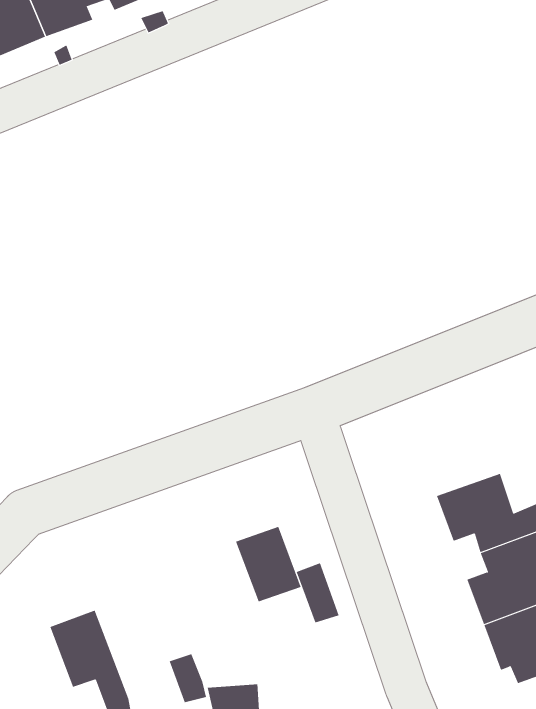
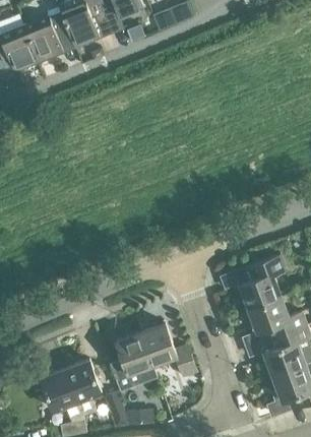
building: none -> [240,255,287,308]
building: none -> [110,332,157,390]
building: none -> [65,360,102,417]

